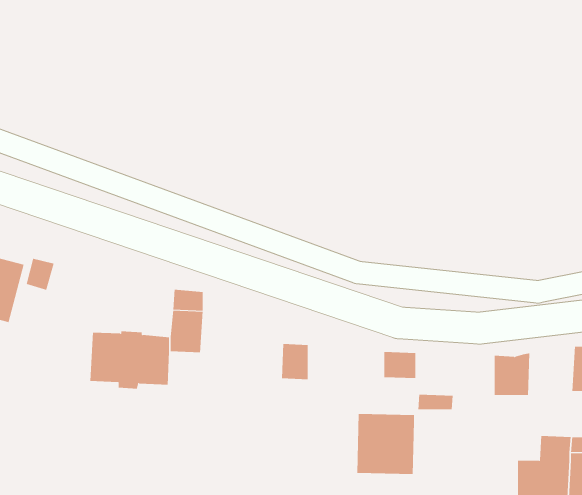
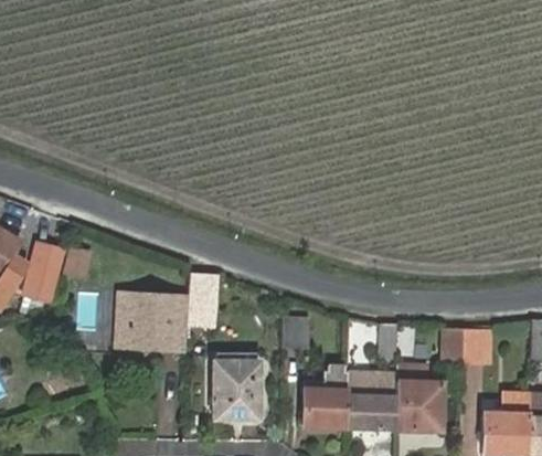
building: none -> [213,360,258,420]
building: none -> [302,364,346,427]
building: none -> [393,383,439,430]

